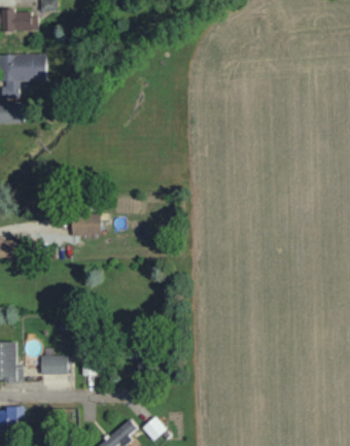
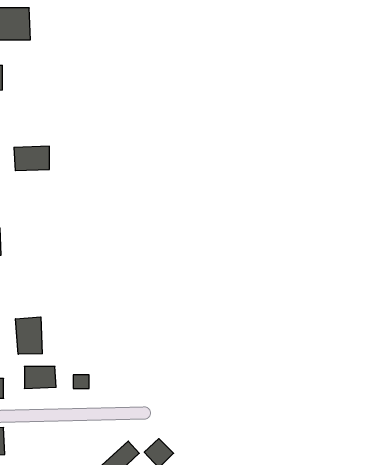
building: [71,214,101,235] -> [14,146,49,171]
building: none -> [16,317,42,354]

